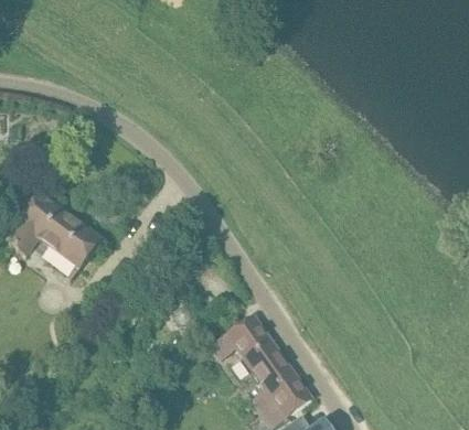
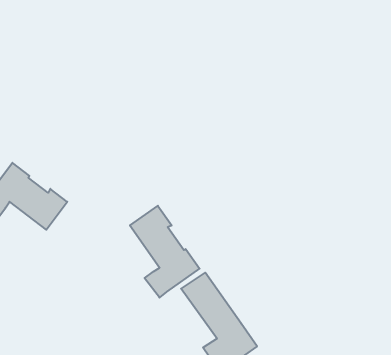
building: none -> [130,206,200,298]

